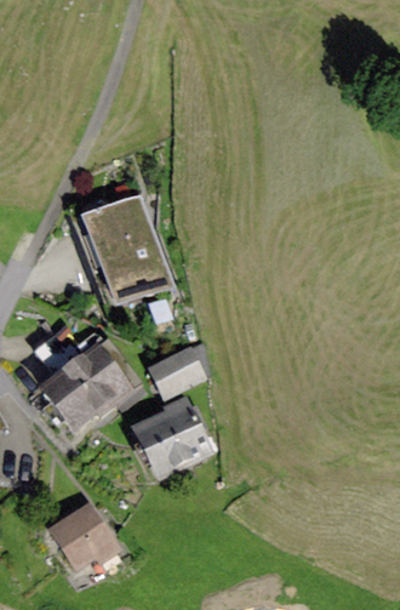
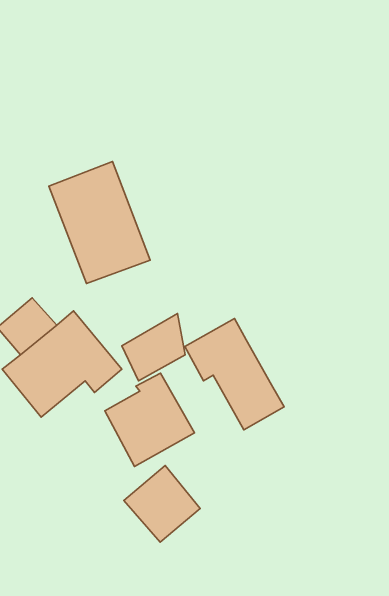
building: none -> [185,319,284,430]
building: [51,504,122,576] -> [124,466,200,542]

